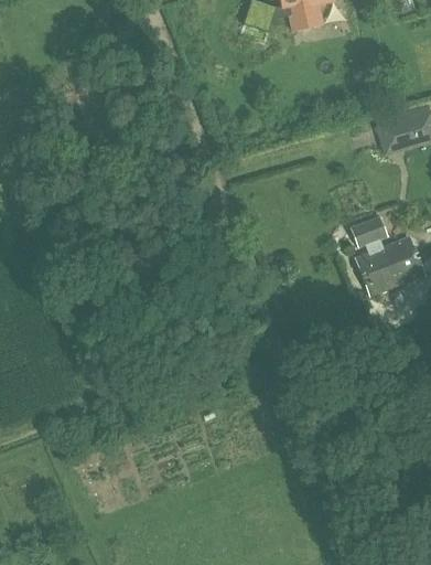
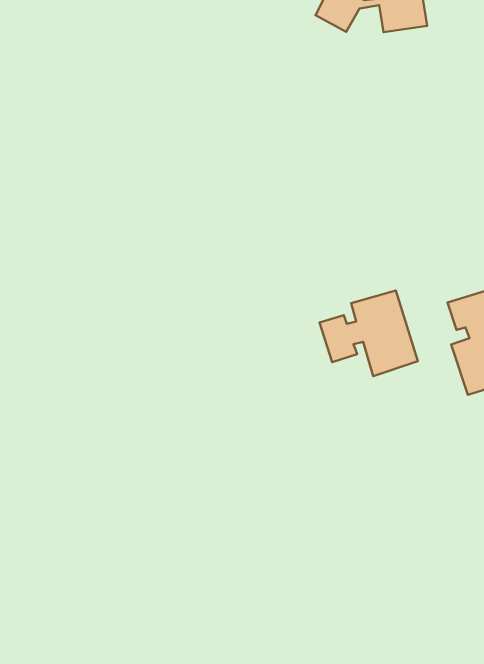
building: none -> [320,290,418,376]

